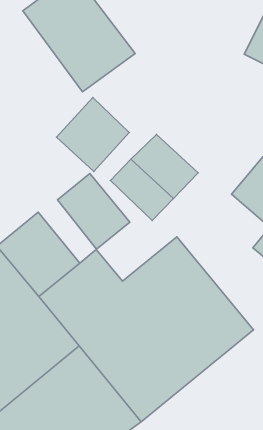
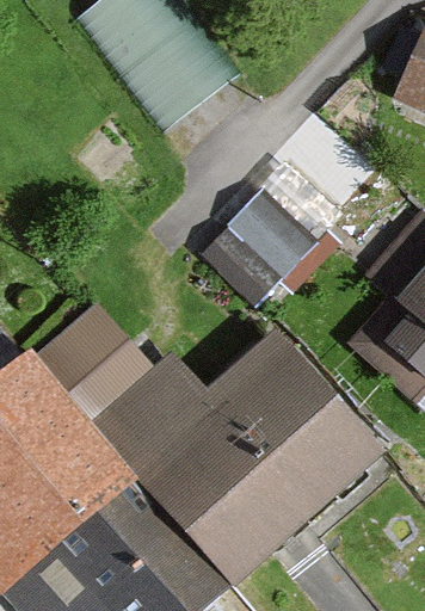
building: [56,97,129,172] -> none
building: [58,173,130,249] -> none

